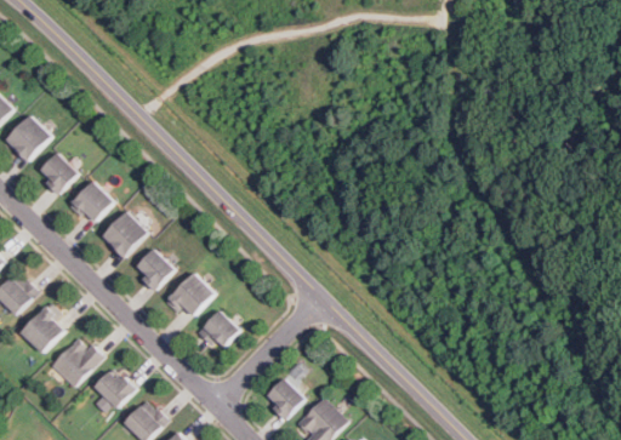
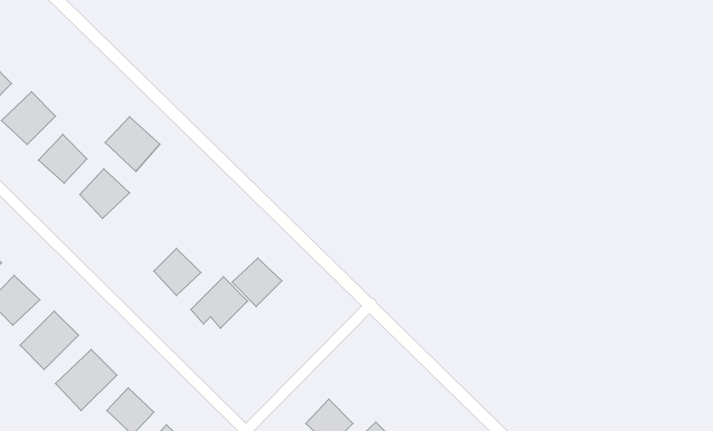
building: none -> [105,117,160,172]
building: [101,211,147,257] -> none
building: [196,310,239,352] -> [232,258,282,306]

